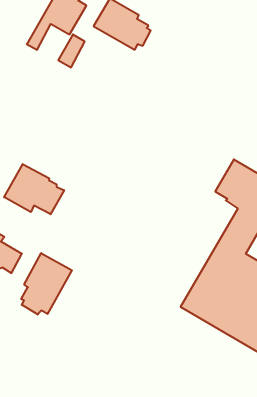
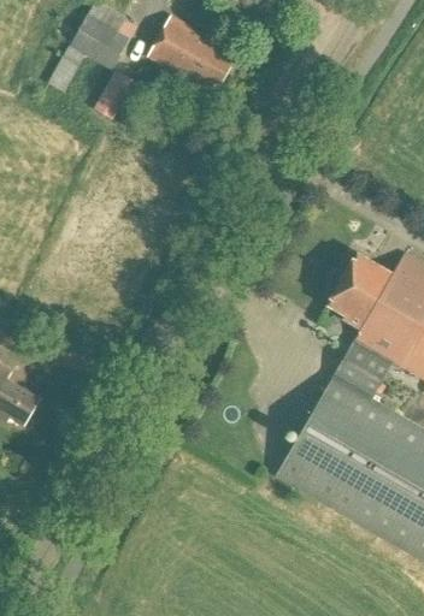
building: [4,164,64,214] -> none
building: [21,253,72,315] -> none

